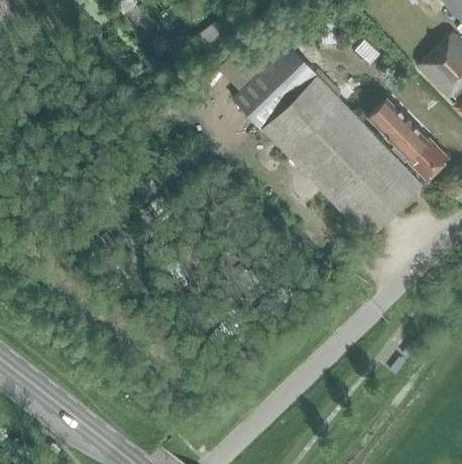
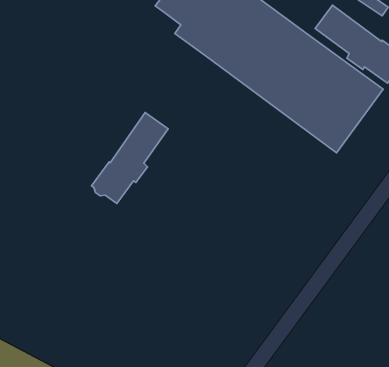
building: none -> [91,113,168,204]

